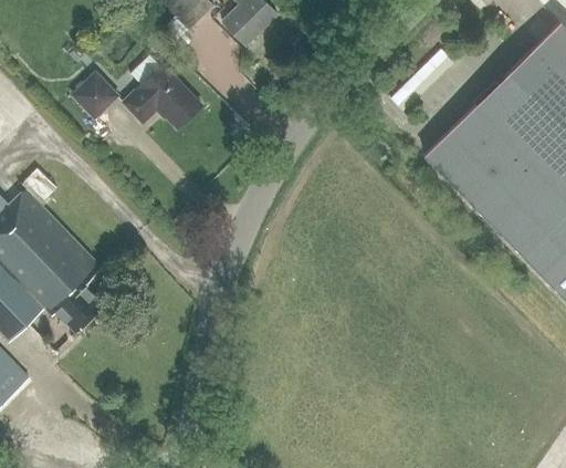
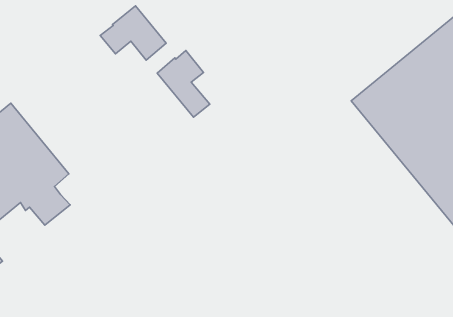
building: [69,70,118,118] -> none
building: none -> [157,51,210,117]

